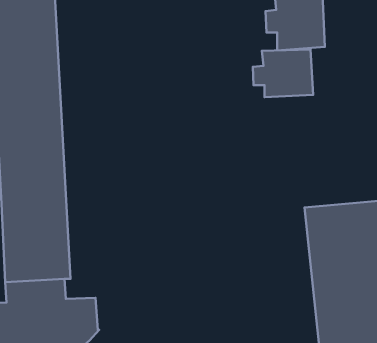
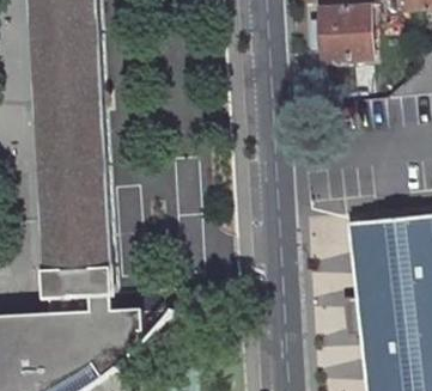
building: [253,49,313,97] -> none

